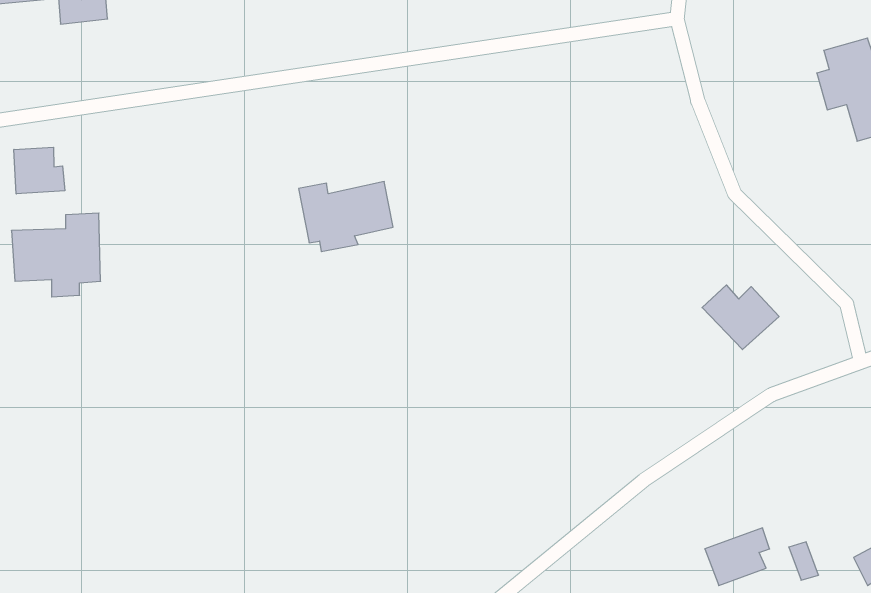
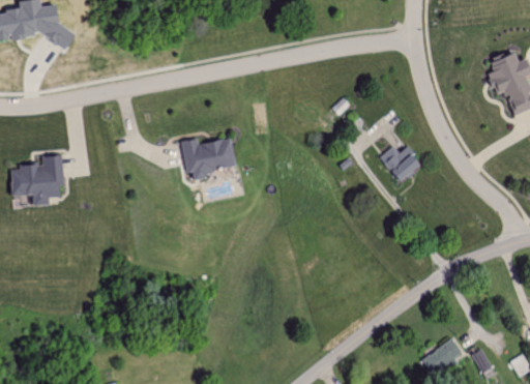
building: [14,147,65,194] -> none
building: [702,285,779,350] -> [377,144,422,182]

